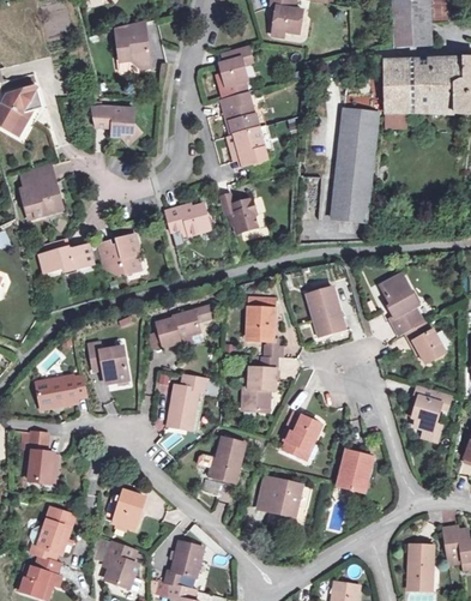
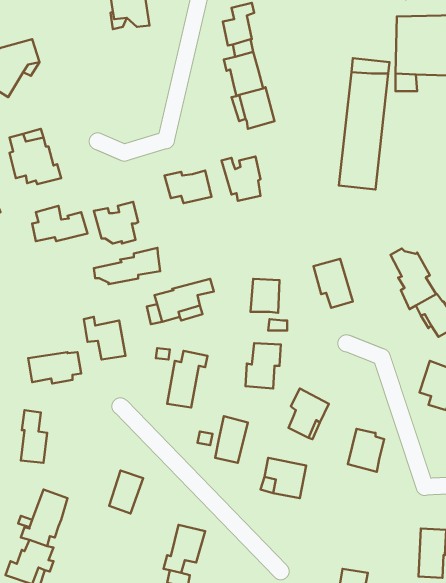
building: [91,103,144,145] -> none
building: none -> [94,248,160,284]
building: [105,541,138,587] -> none

